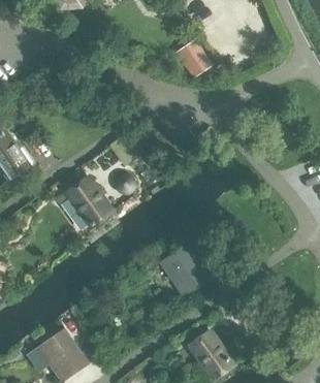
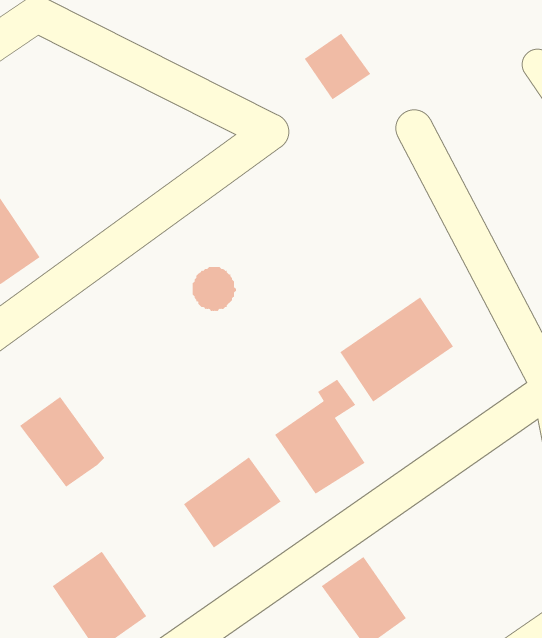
building: [63,177,110,227] -> [19,396,105,488]
building: none -> [340,296,454,402]
building: none -> [183,456,282,548]

